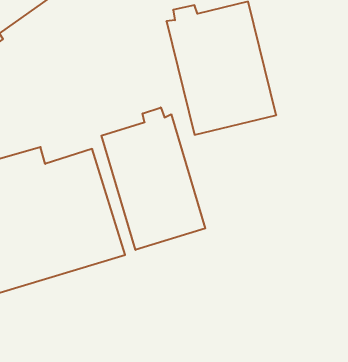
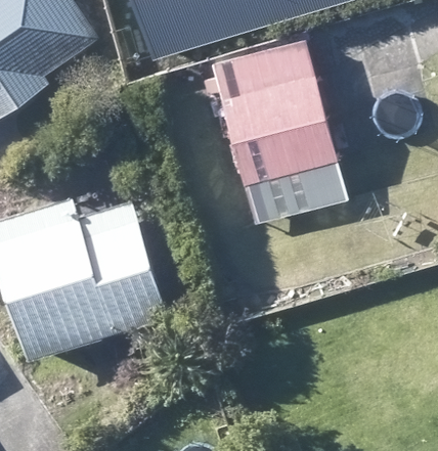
building: [101,107,205,250] -> none

